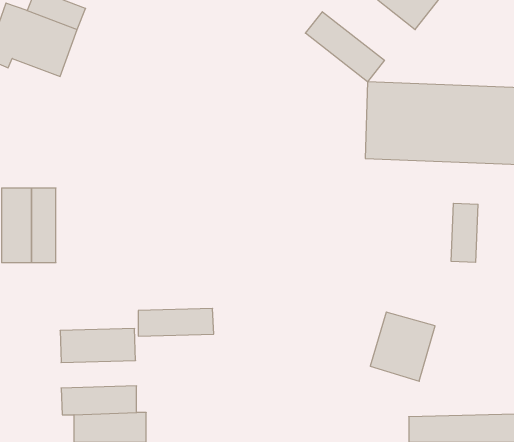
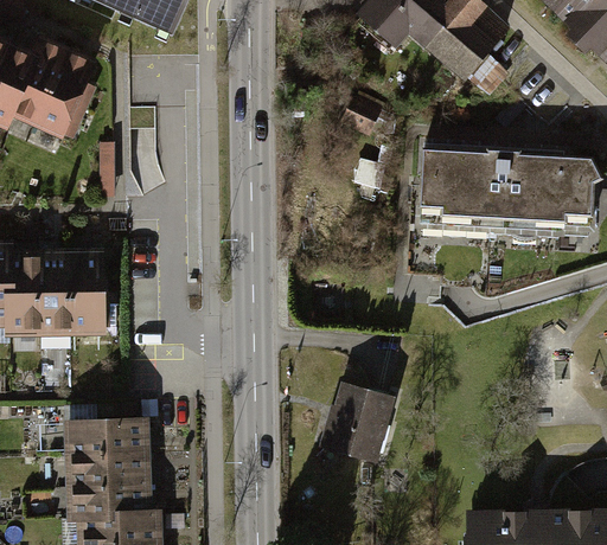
building: [305,12,384,82] -> none
building: none -> [66,261,96,344]
building: [451,203,478,262] -> none
building: [138,308,214,336] -> [72,453,156,483]
building: [370,312,435,381] -> [320,385,392,462]

